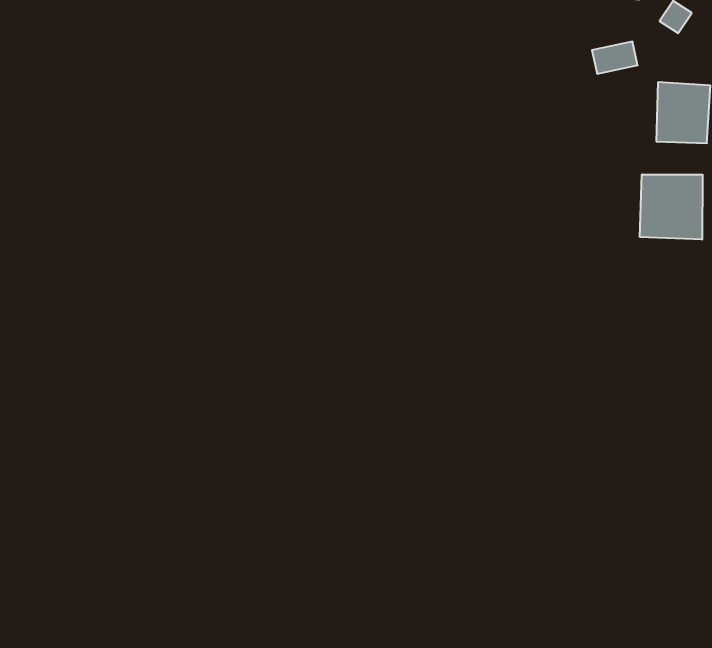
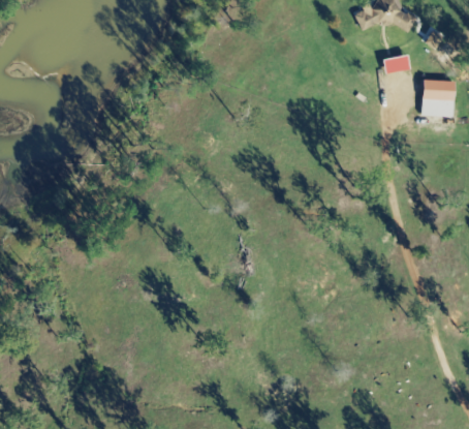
building: [640,174,703,240] -> none

